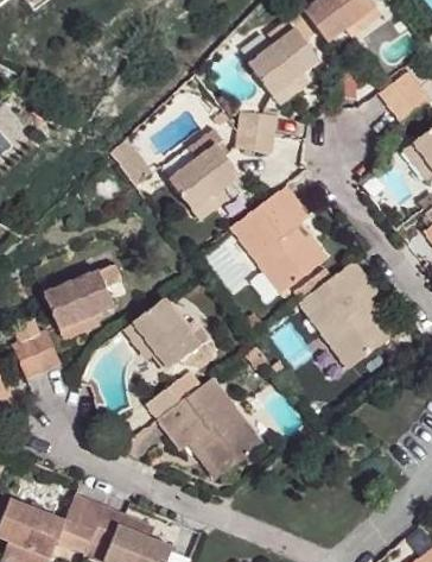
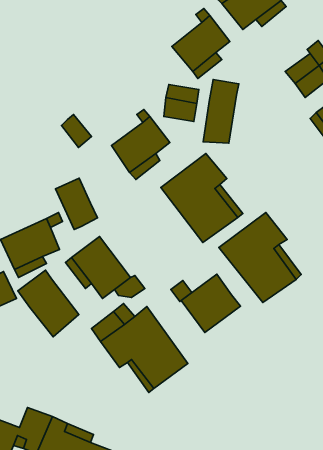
building: none -> [203,79,239,143]
building: none -> [55,178,98,230]
building: none -> [18,270,79,337]
building: none -> [181,274,240,332]

